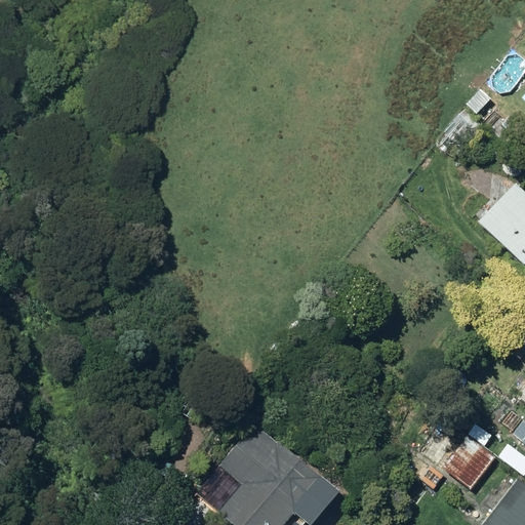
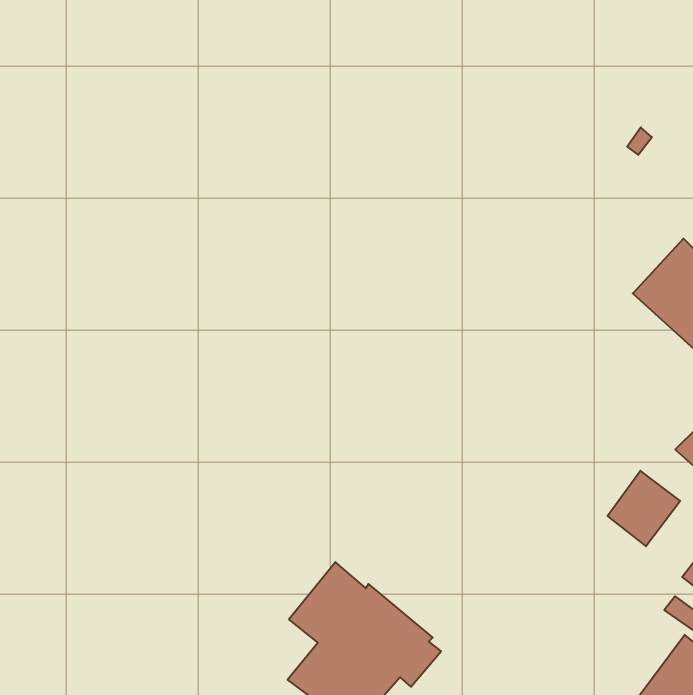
building: [445,437,499,493] -> [608,471,680,546]

